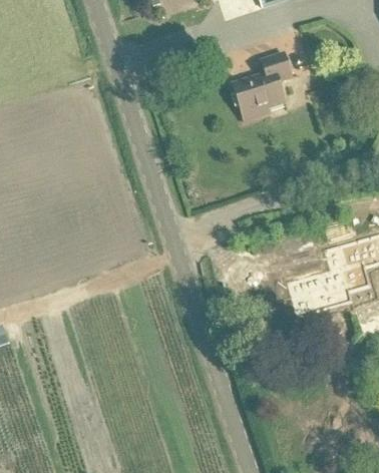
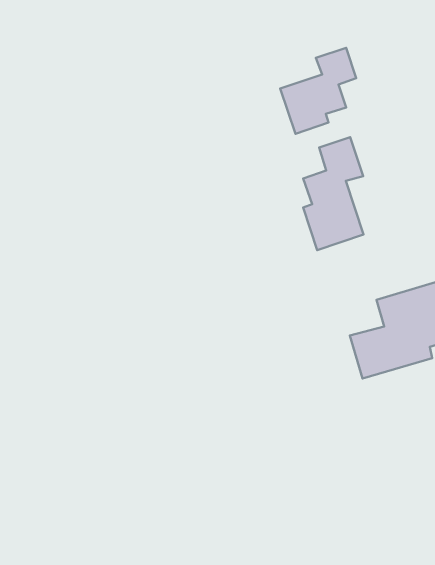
building: none -> [303,137,364,250]

